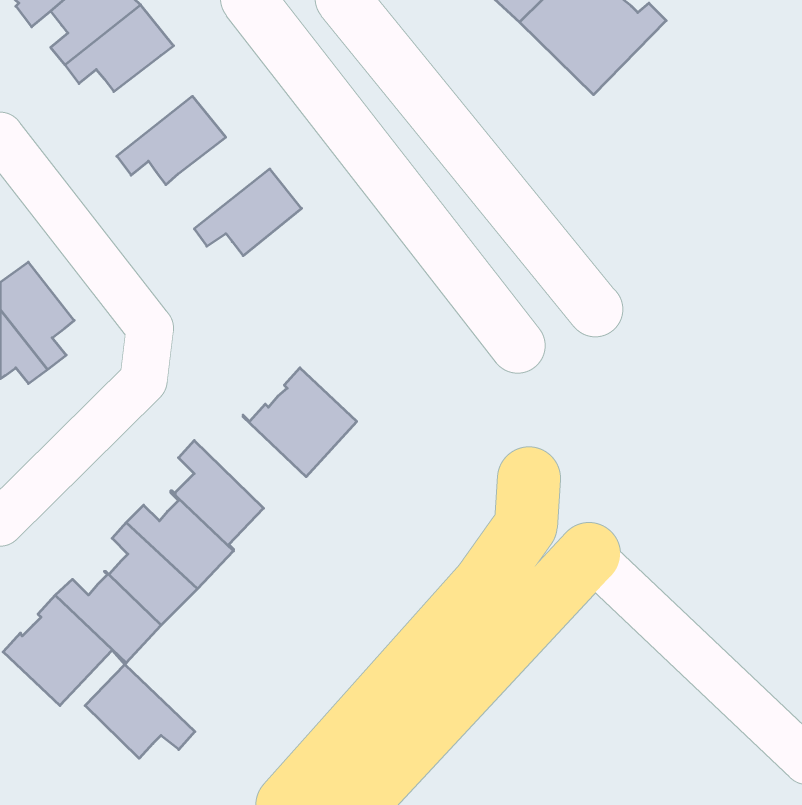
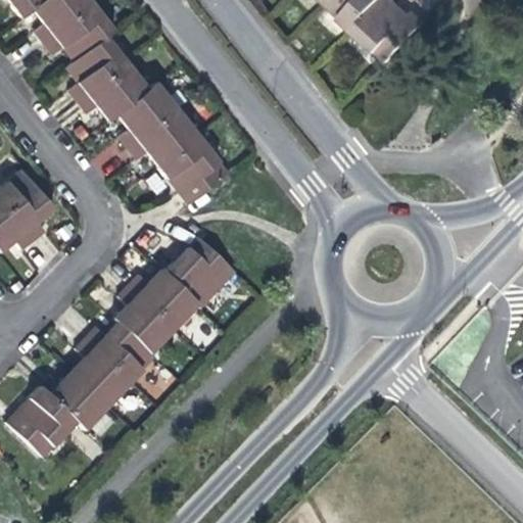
building: none -> [69,36,128,101]
building: none -> [118,83,178,148]
building: none -> [158,135,229,204]
building: none -> [129,270,201,329]
building: [85,665,195,758] -> none

